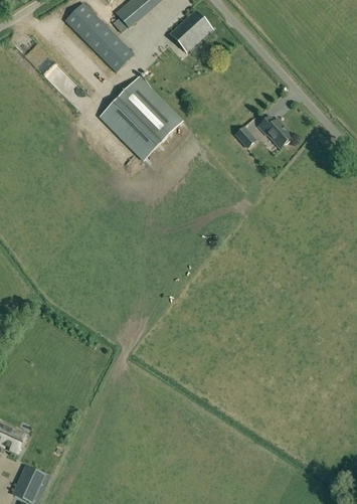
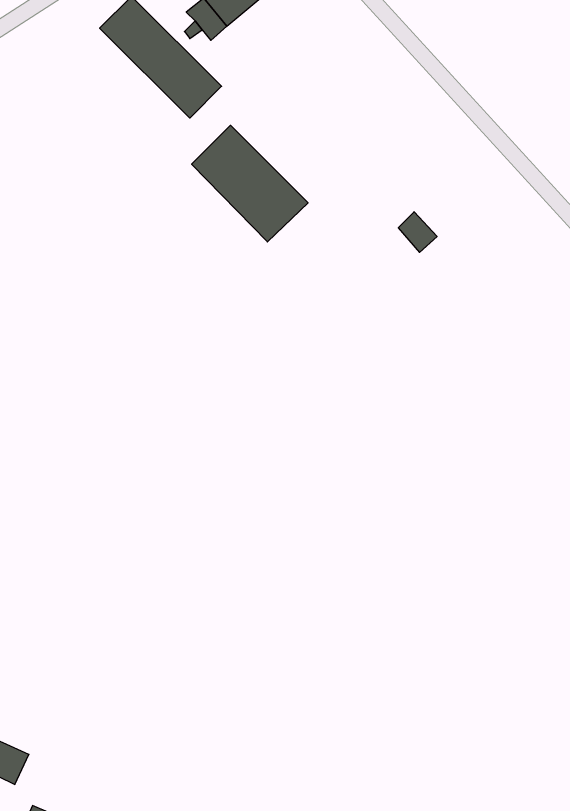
building: [170,9,212,50] -> none
building: [100,98,160,159] -> none
building: [258,115,293,147] -> none

